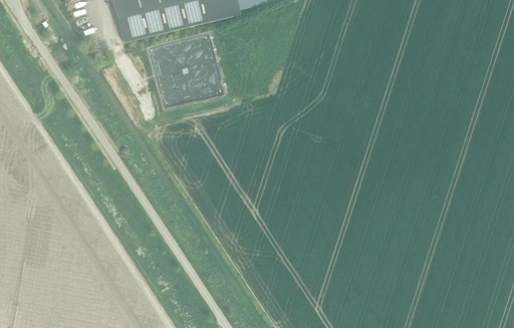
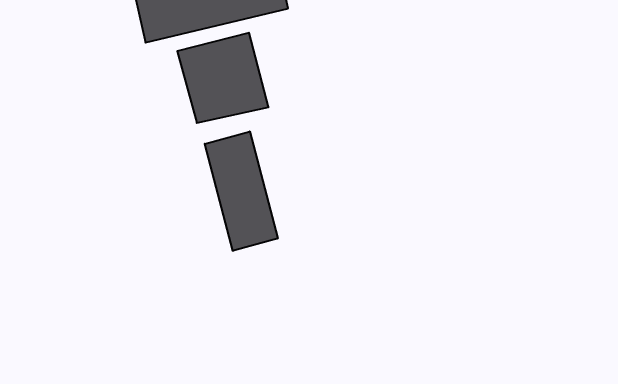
building: none -> [205,131,278,251]

